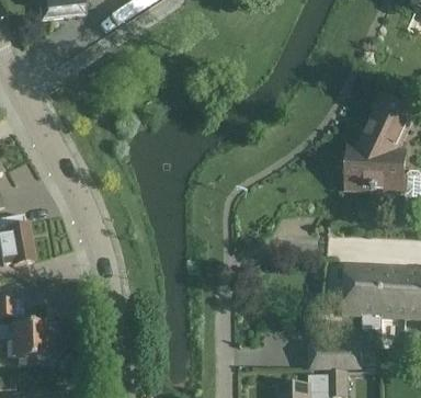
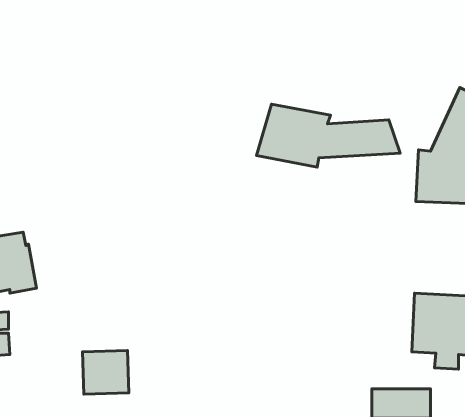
building: none -> [257,104,400,167]
building: [12,320,50,356] -> [82,350,129,394]

